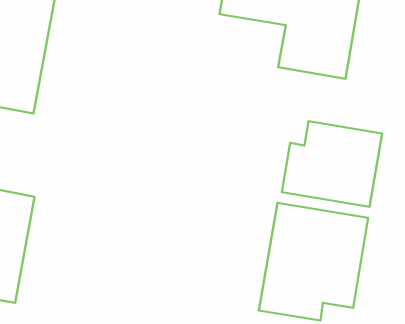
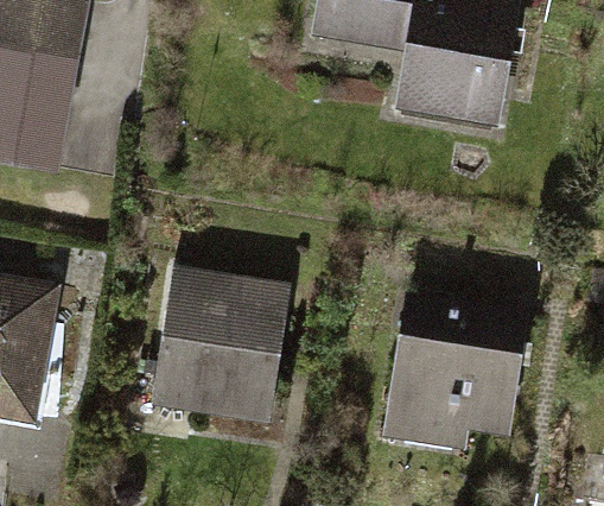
building: [282,121,382,207] -> none
building: none -> [142,274,299,429]

